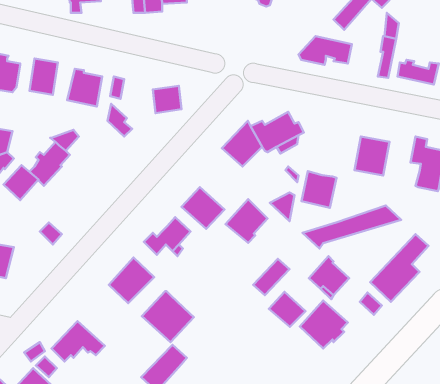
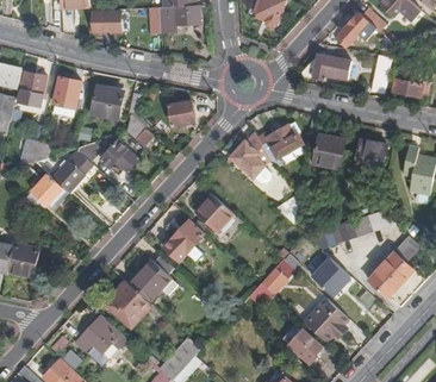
building: none -> [100,142,138,173]
building: [301,171,336,208] -> [313,137,345,170]
building: [226,199,268,243] -> none
building: [142,291,194,342] -> [101,280,149,326]
building: [269,292,305,327] -> [287,330,320,362]

